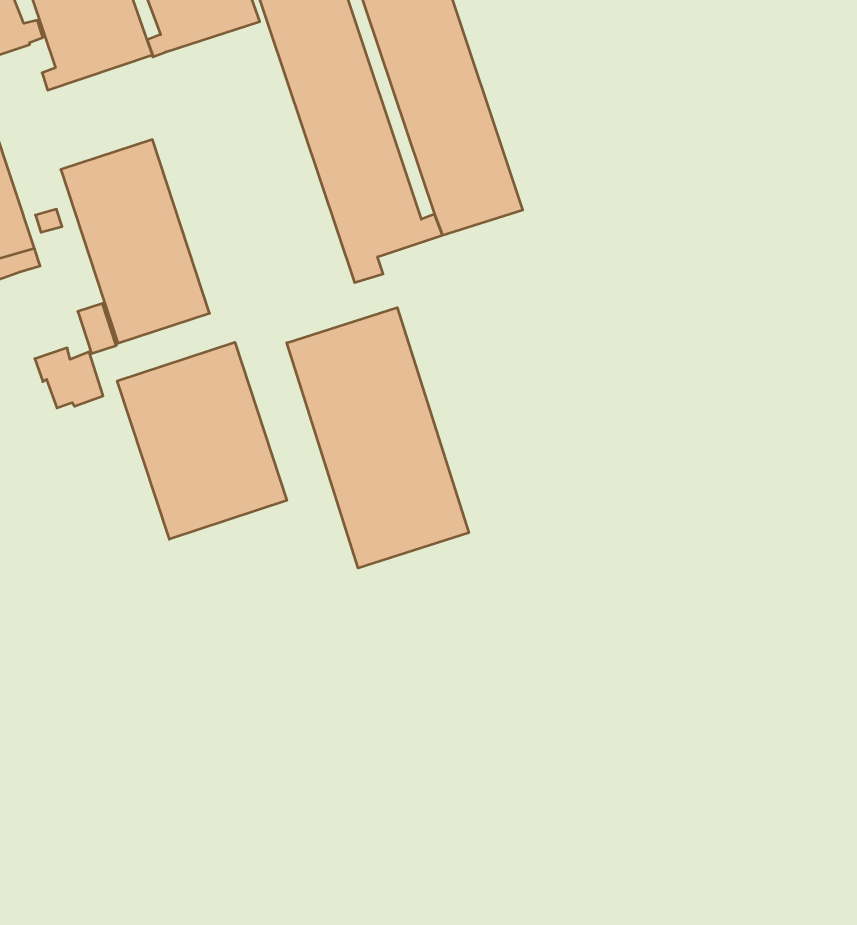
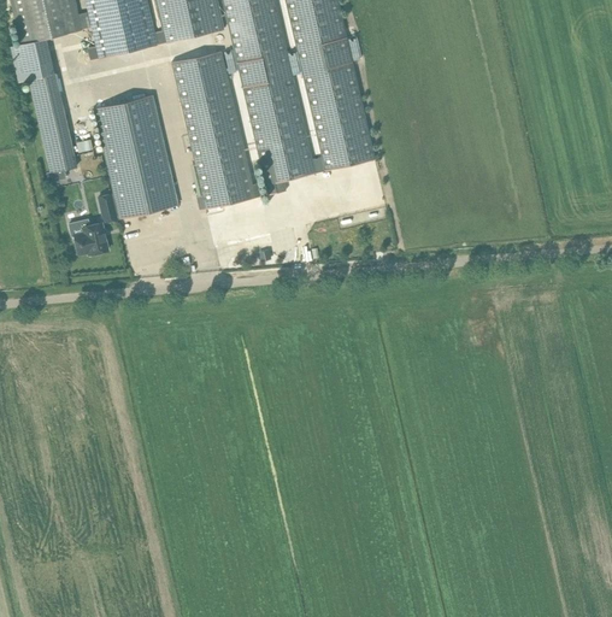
building: none -> [175,49,260,208]
building: [287,308,469,568] -> none
building: [117,342,287,539] -> none

